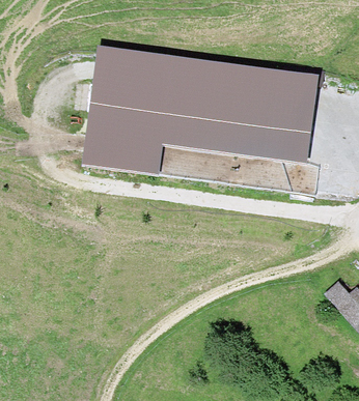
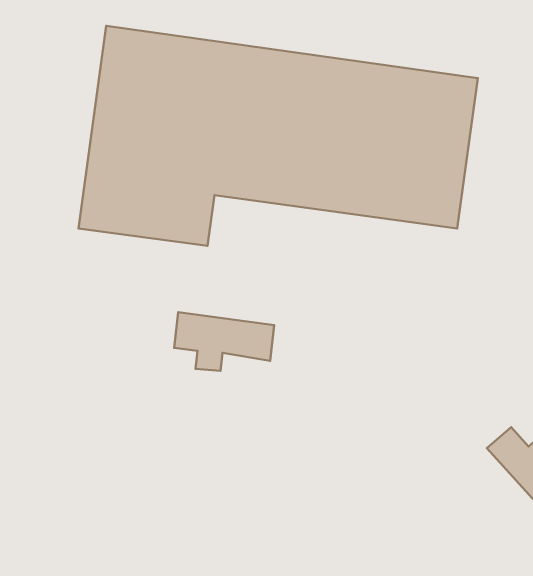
building: none -> [174,312,274,371]

